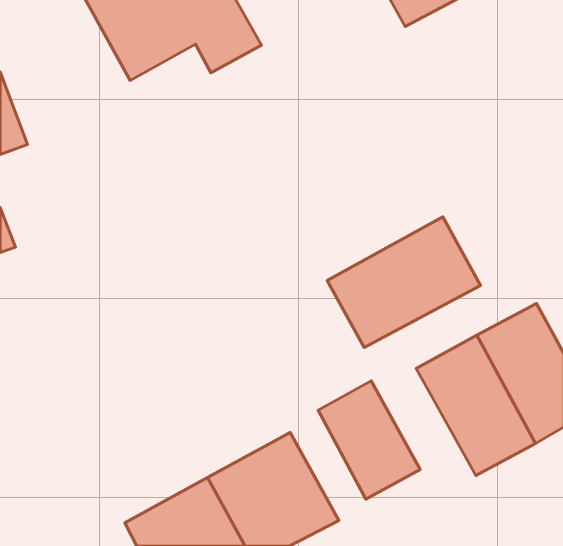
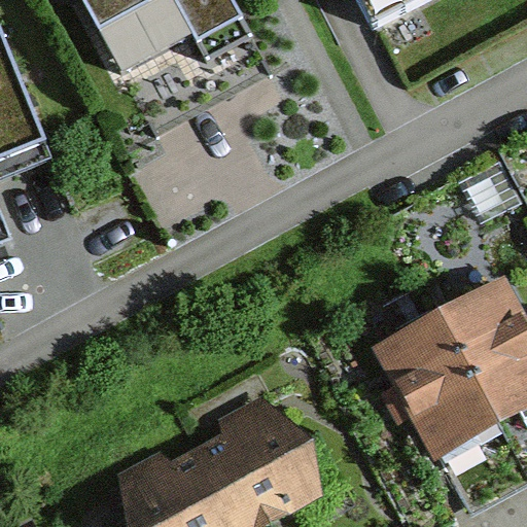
building: [327,217,480,348] -> none
building: [318,381,420,499] -> none

